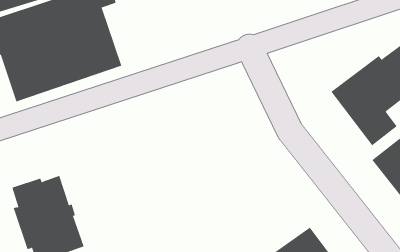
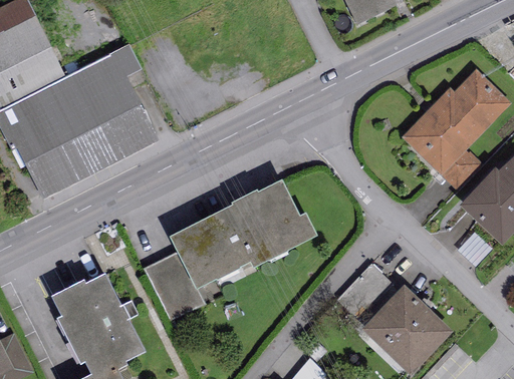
building: none -> [144,180,317,318]
building: none -> [345,272,392,318]

